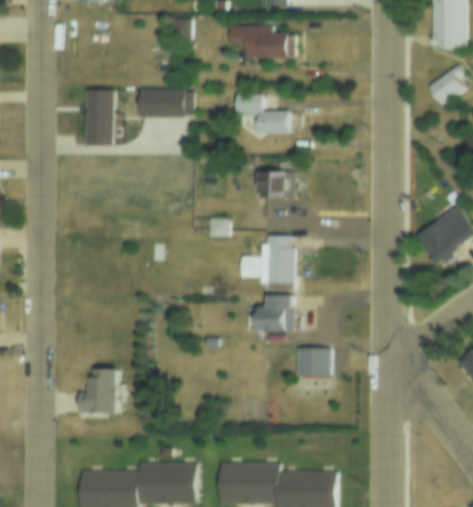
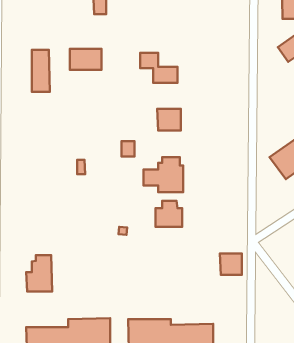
building: [230,26,295,57] -> none
building: [301,345,331,374] -> [220,254,242,275]

